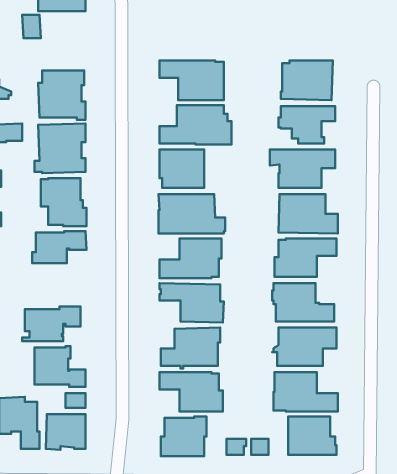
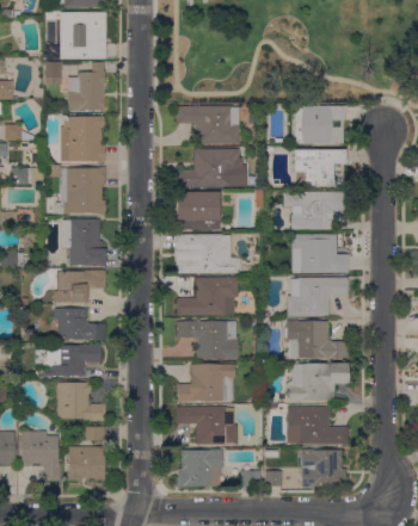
building: none -> [68,62,105,111]
building: none -> [54,309,106,340]

